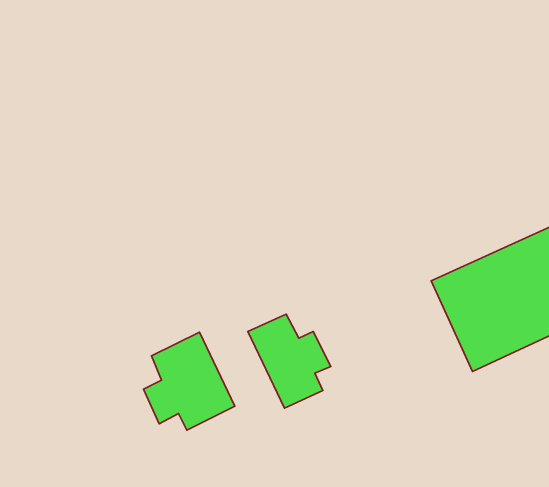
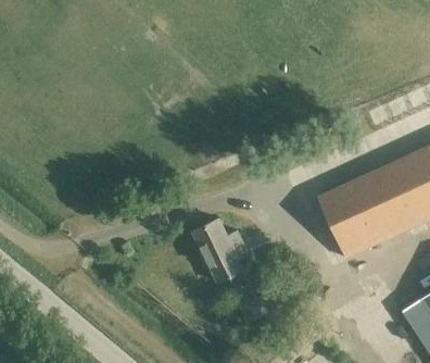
building: [144,332,235,430] -> none

